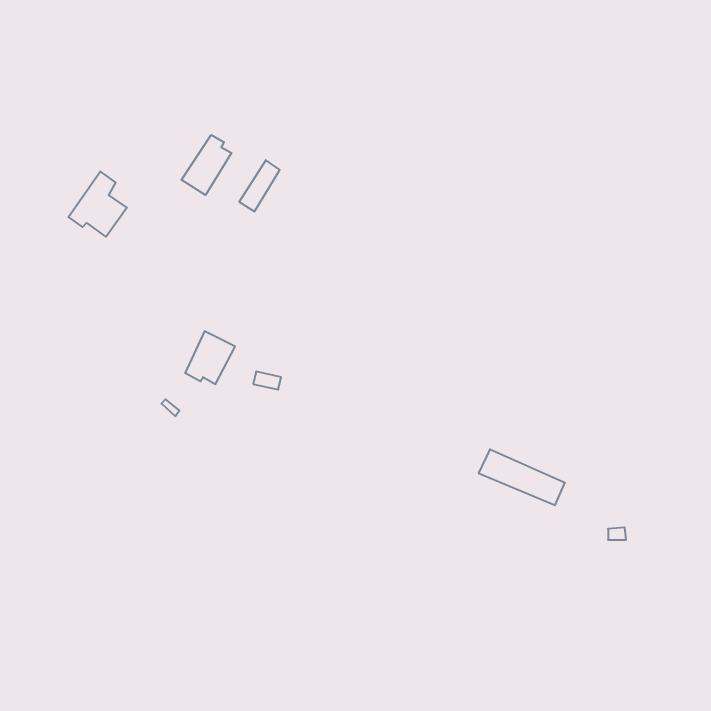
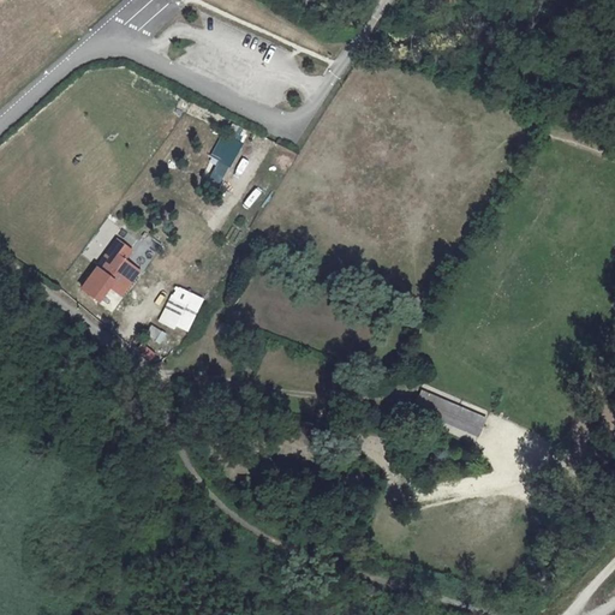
building: [182,135,232,195] -> none
building: [68,171,127,237] -> [88,240,138,297]

